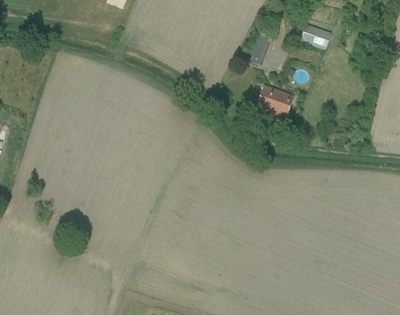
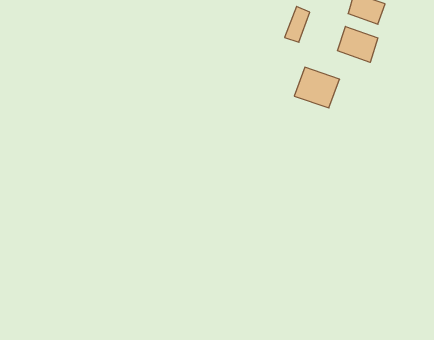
building: none -> [338,26,378,62]

